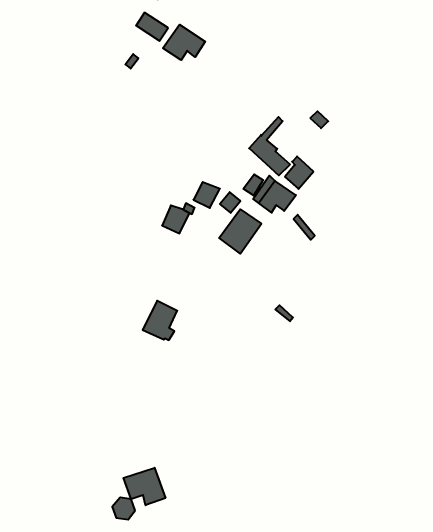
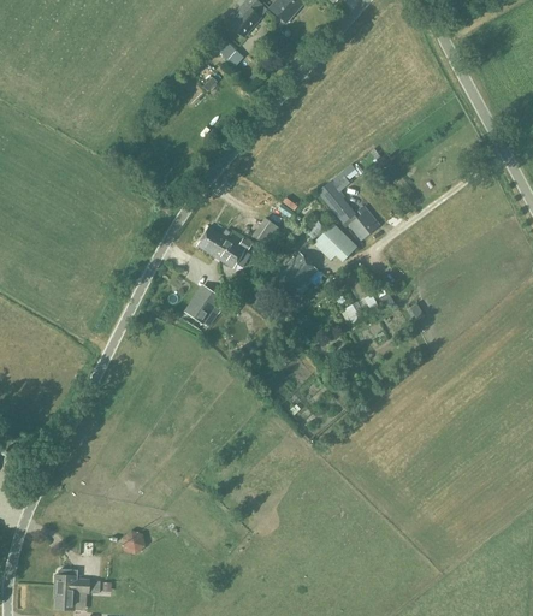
building: [163,25,205,60] -> none
building: none -> [197,225,229,256]
building: [143,301,177,340] -> [184,283,223,325]
building: [123,468,165,505] -> none

